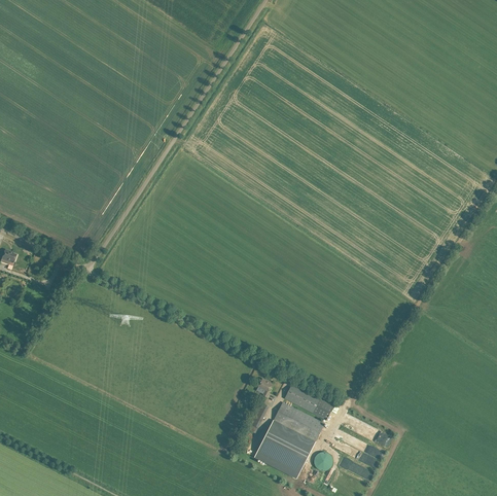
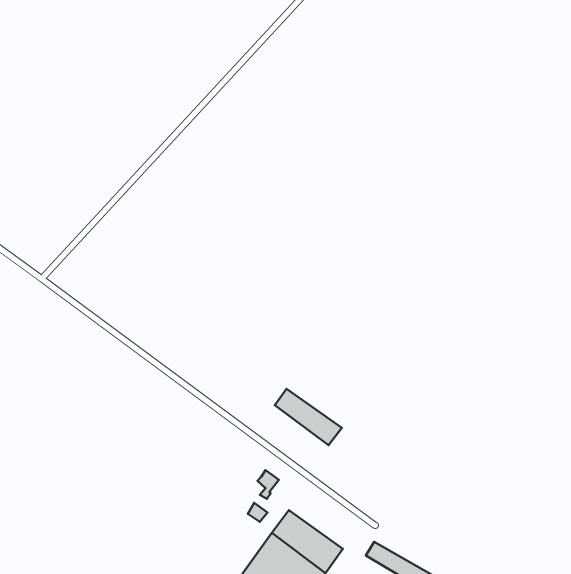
building: [284,386,332,420] -> [275,389,342,445]

